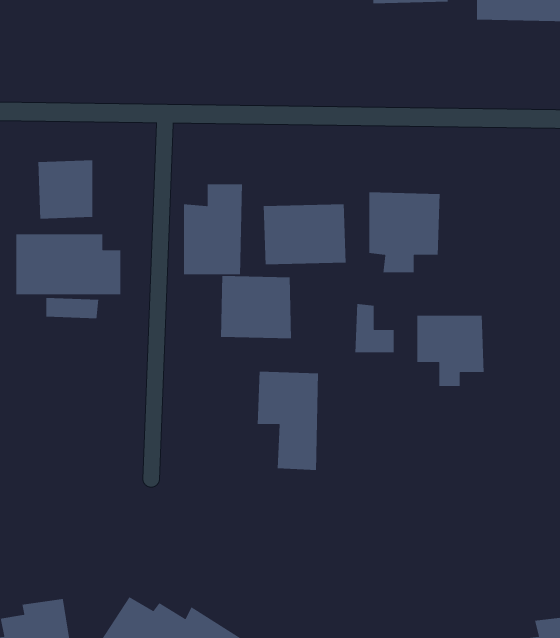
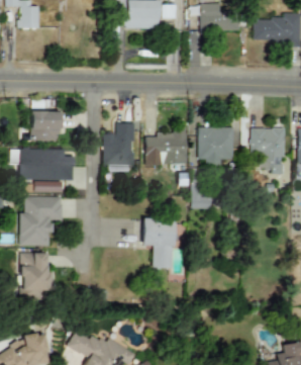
building: [220,275,292,339] -> none
building: [417,315,484,387] -> [252,128,286,165]
building: none -> [20,197,63,246]
building: none -> [21,253,49,296]

